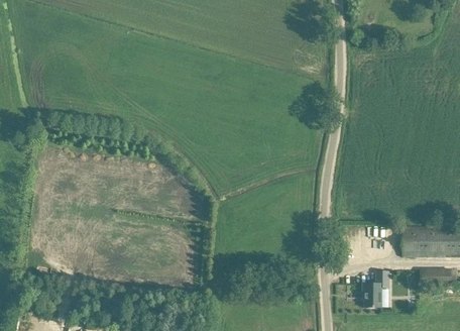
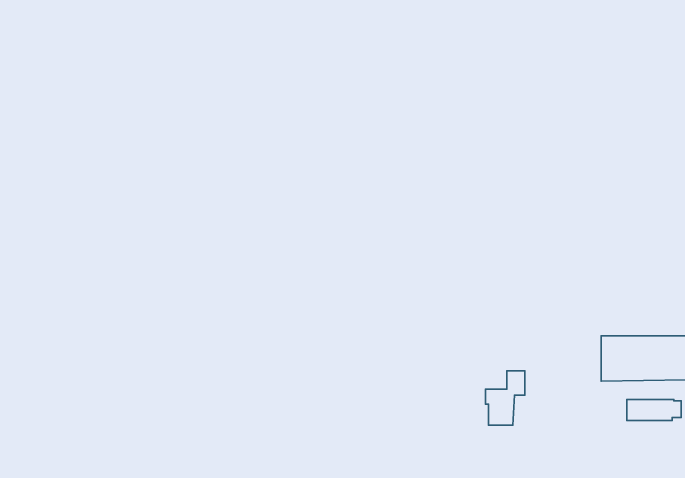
building: [362,270,388,307] -> [486,371,525,425]

